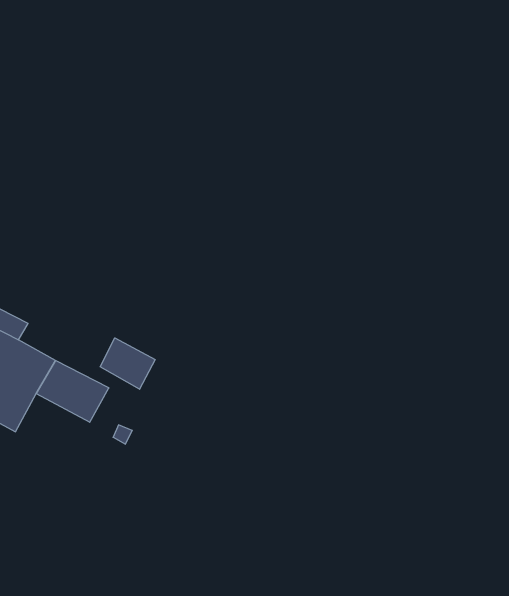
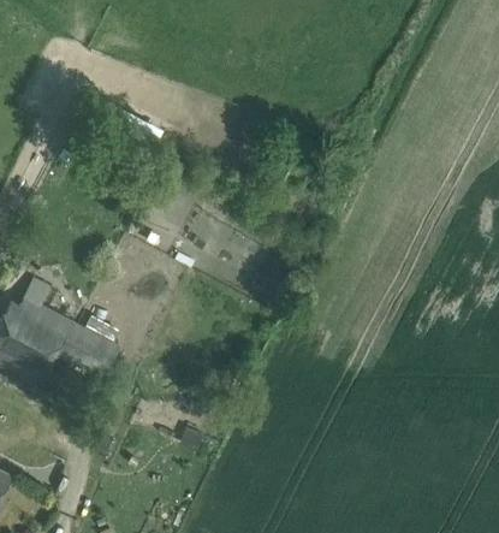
building: [100,338,155,389] -> none

